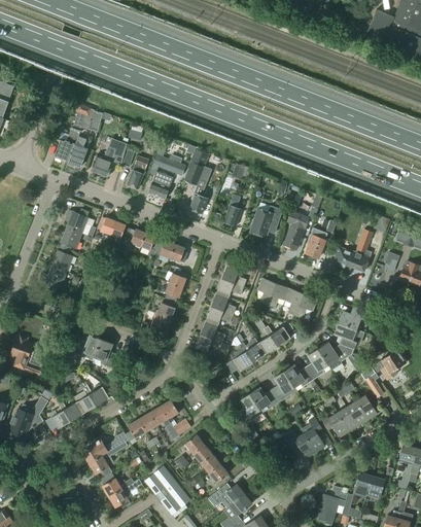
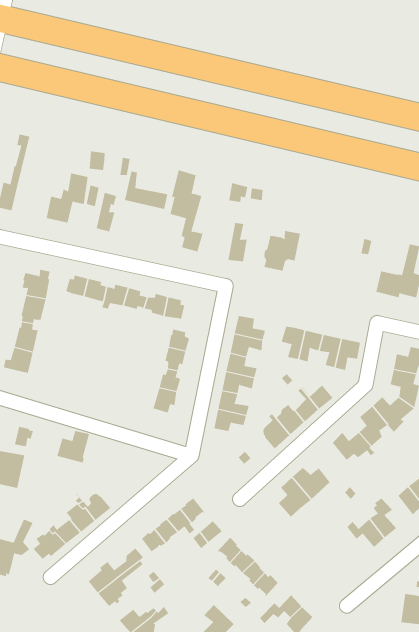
building: [65,107,102,169] -> none
building: [147,172,172,199] -> none
building: [282,208,316,250] -> none
building: [306,229,327,258] -> none
building: [91,340,116,370] -> none
building: [271,373,295,405] -> none
building: [145,465,176,490] -> none

